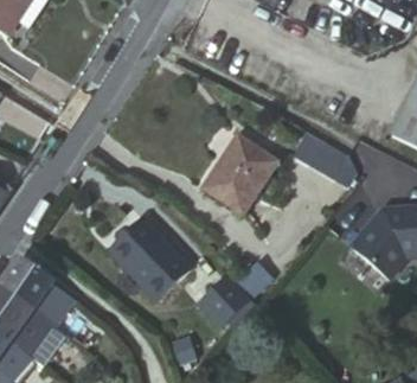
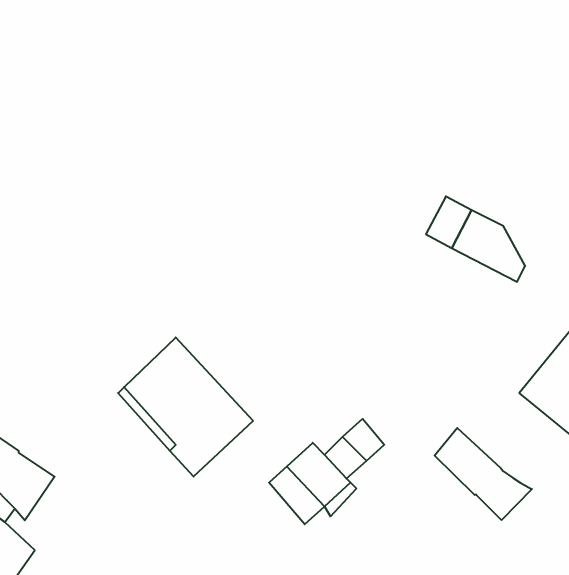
building: [205,140,284,221] -> none
building: none -> [435,428,532,520]

